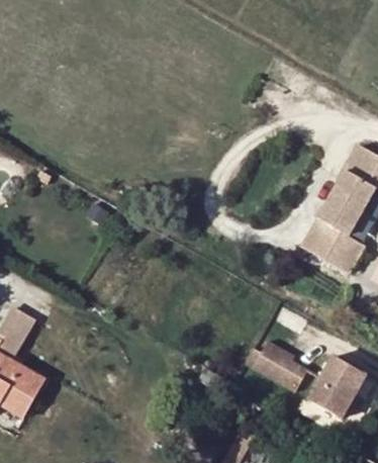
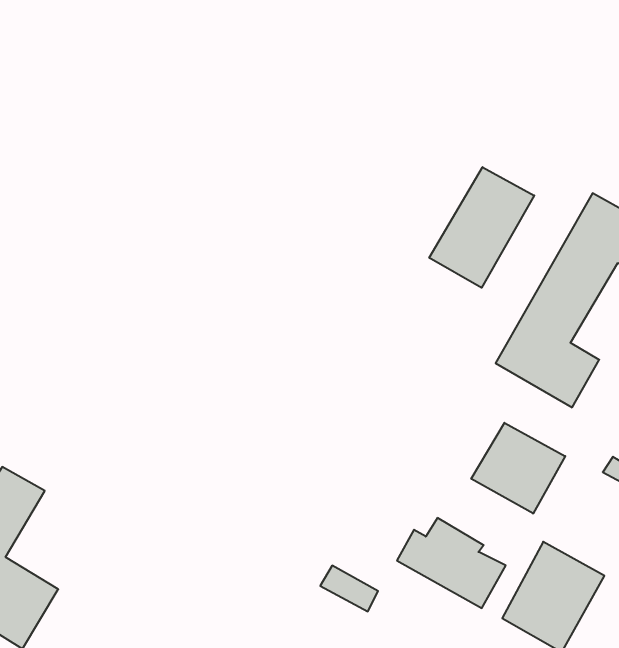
building: none -> [429,167,534,288]
building: none -> [471,423,565,514]

